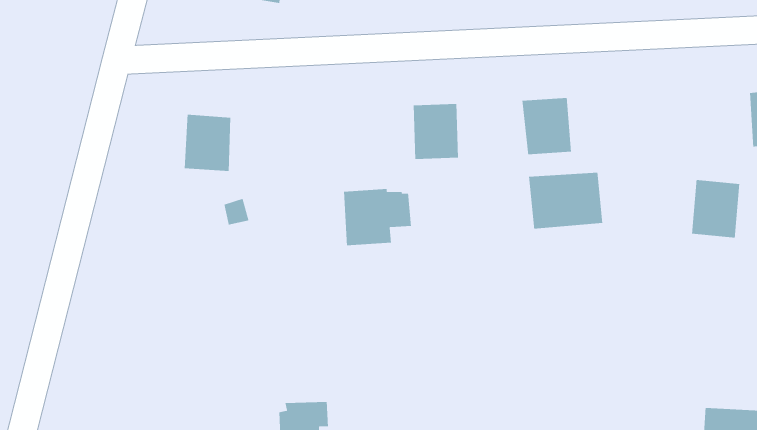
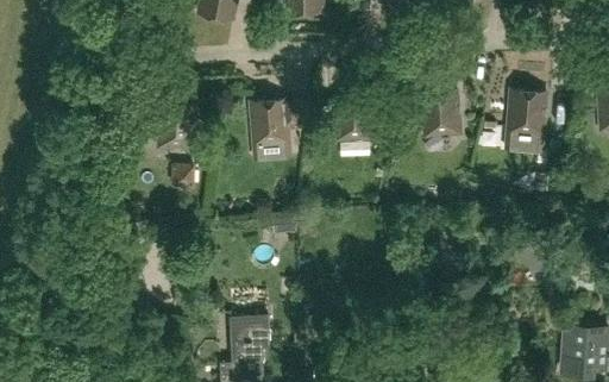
building: [528,172,603,229] -> none
building: [691,179,740,239] -> [507,92,545,138]
building: [343,188,412,246] -> [250,101,303,146]

